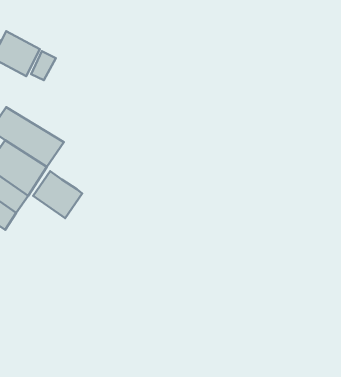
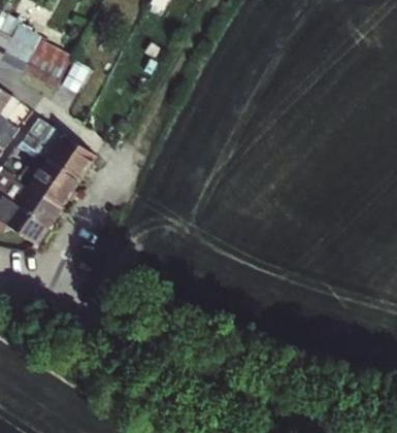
building: [33,171,82,218] -> none

